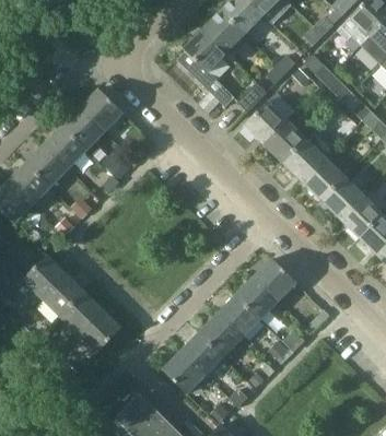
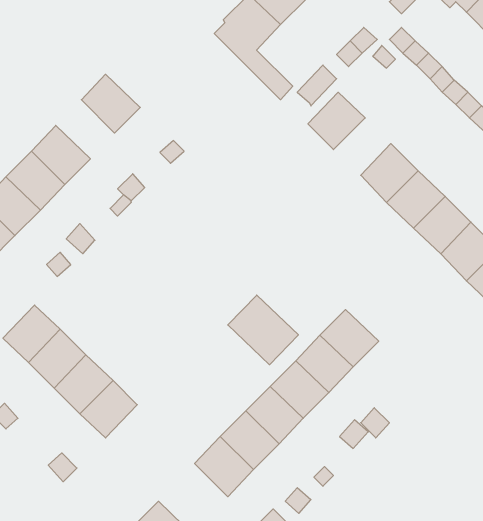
building: [62,106,105,149] -> none
building: [264,119,305,161] -> none
building: none -> [228,295,298,365]

